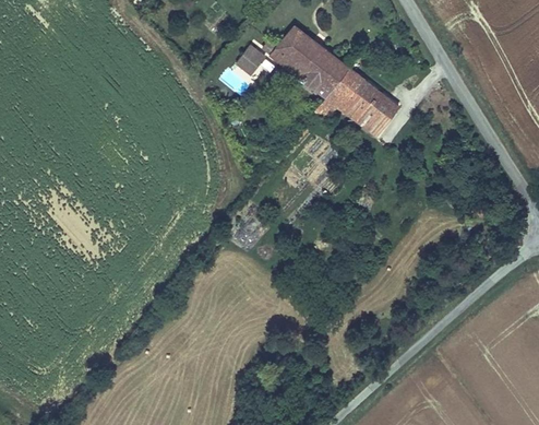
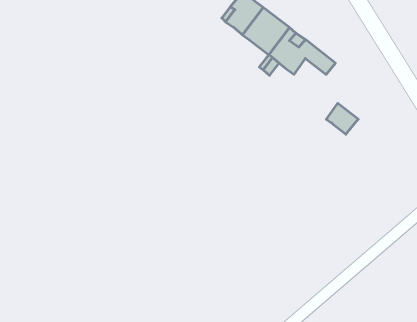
building: [236,43,265,74] -> none
building: [354,102,391,138] -> [326,103,358,134]

